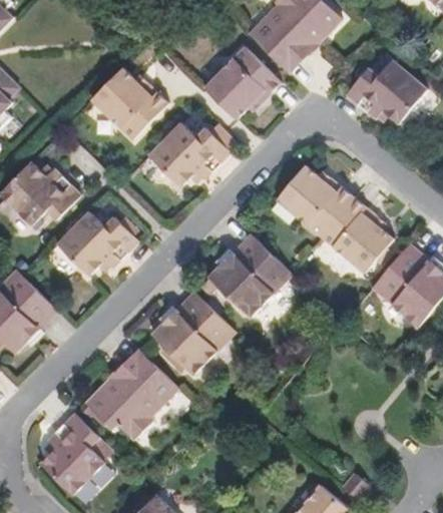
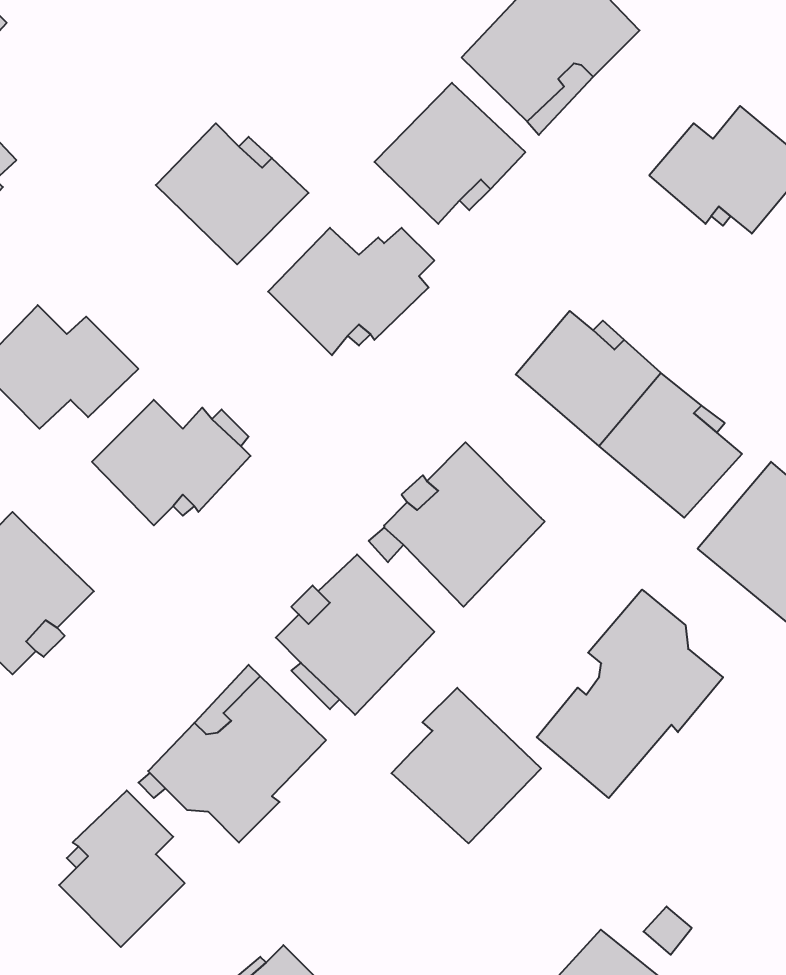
building: none -> [537,590,723,798]
building: none -> [391,688,541,843]

